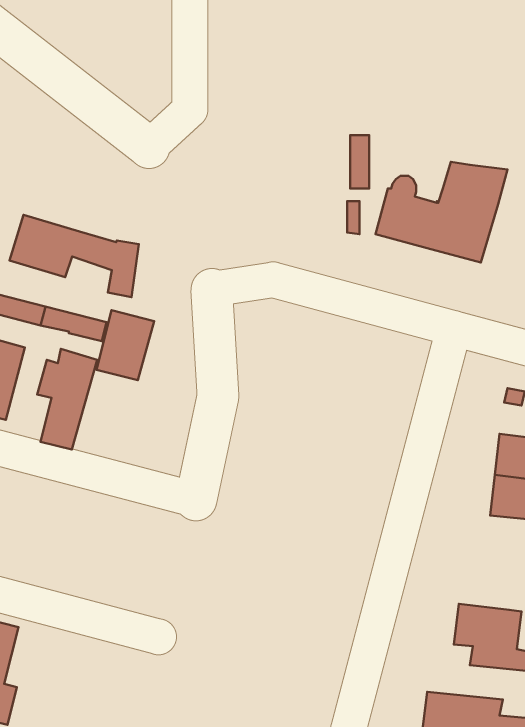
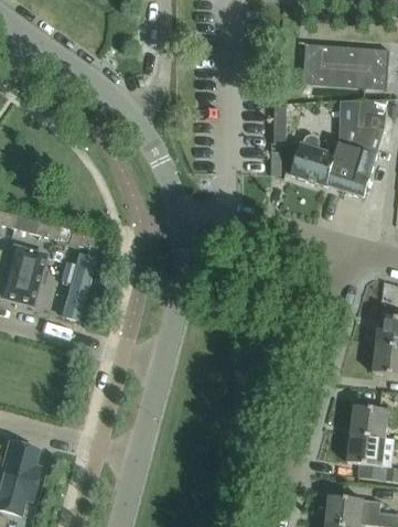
building: none -> [302,44,390,89]
building: none -> [357,98,388,129]
building: [9,215,139,297] -> none
building: [97,310,154,380] -> none
building: none -> [349,405,388,438]

